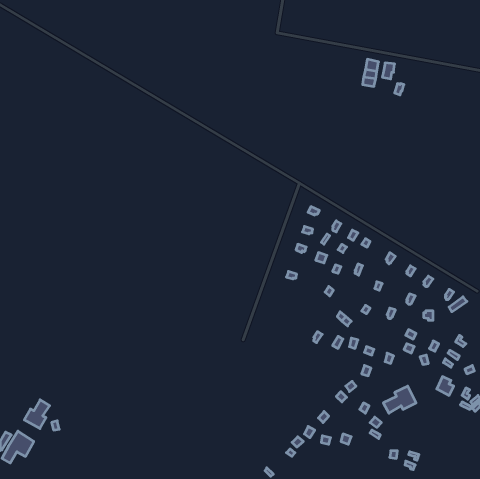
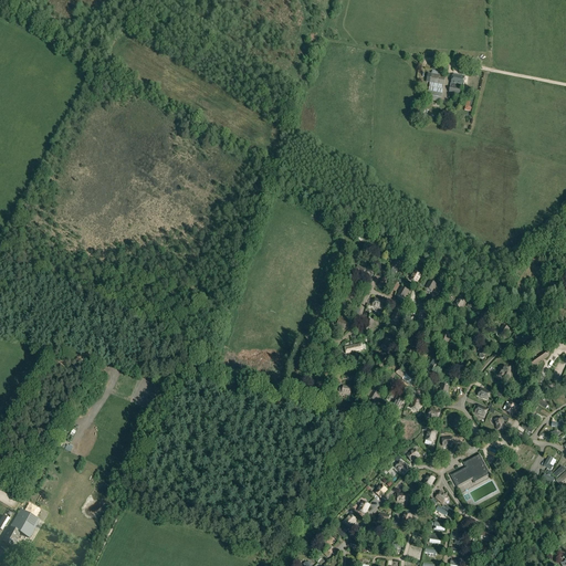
building: [24,400,50,429] -> none

